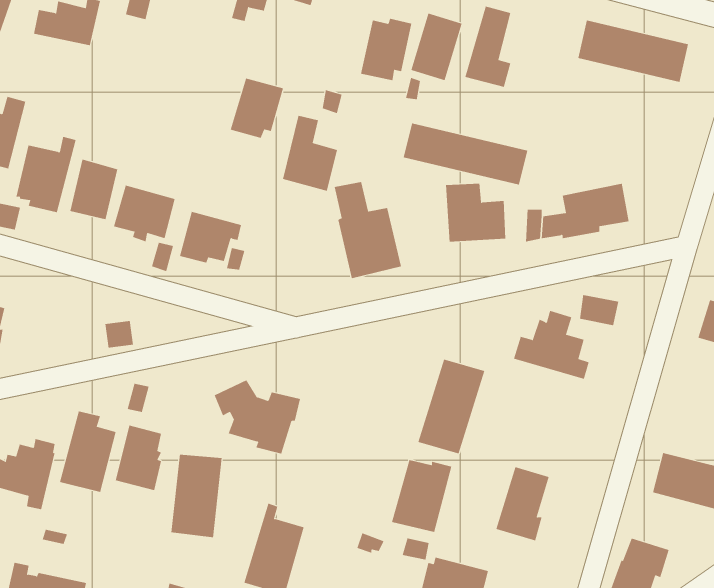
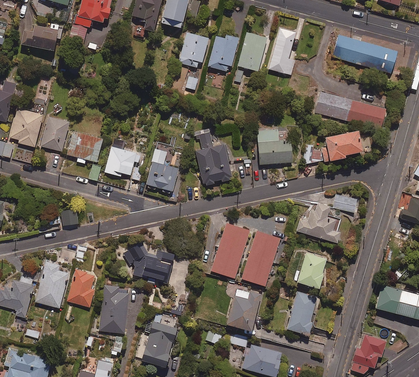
building: [230,78,284,139] -> [178,32,209,67]
building: [282,115,338,191] -> [146,148,178,192]
building: [403,123,528,185] -> [314,92,386,128]
building: none -> [211,223,250,278]
building: none -> [298,253,327,289]

